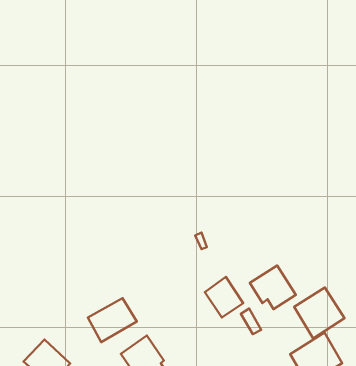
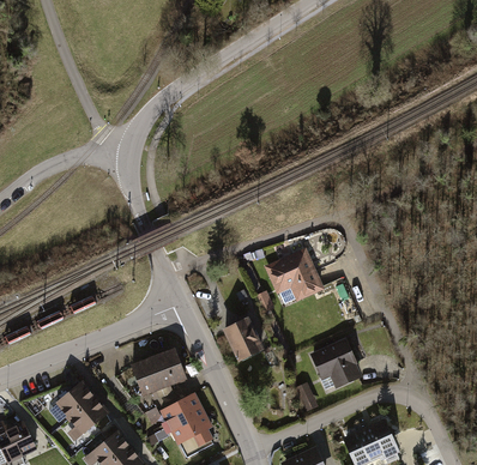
building: none -> [261,249,319,301]
building: [205,277,243,317] -> [223,313,262,356]
building: [294,287,344,339] -> none

